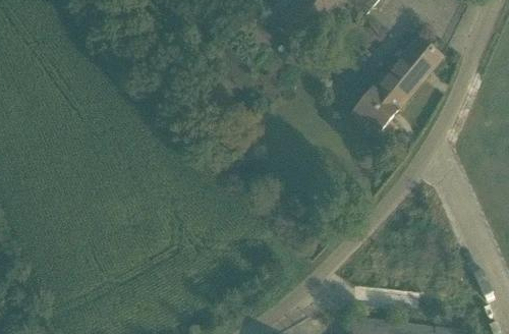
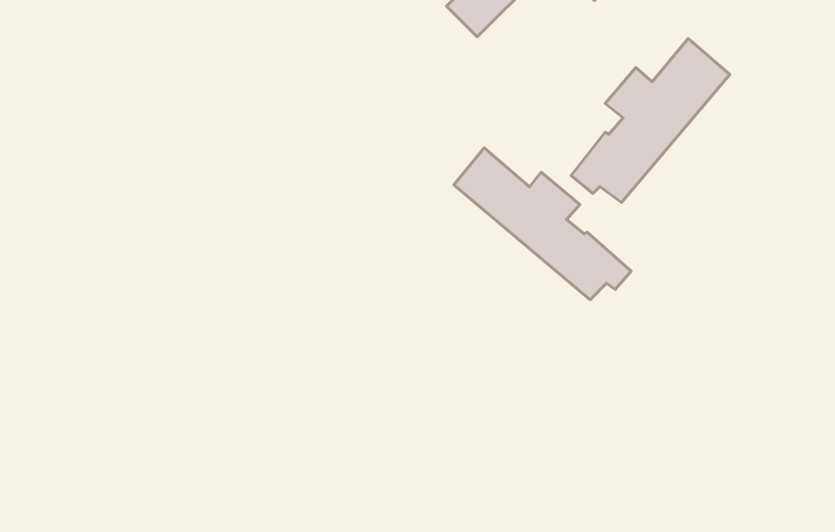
building: none -> [454,148,631,300]

